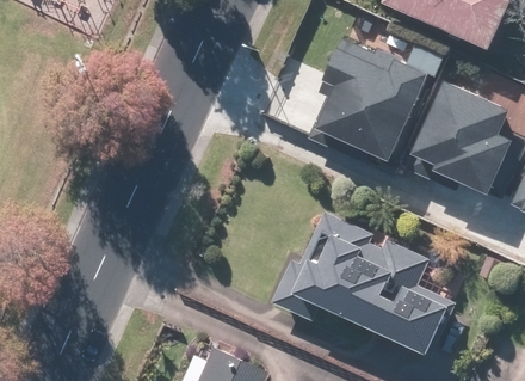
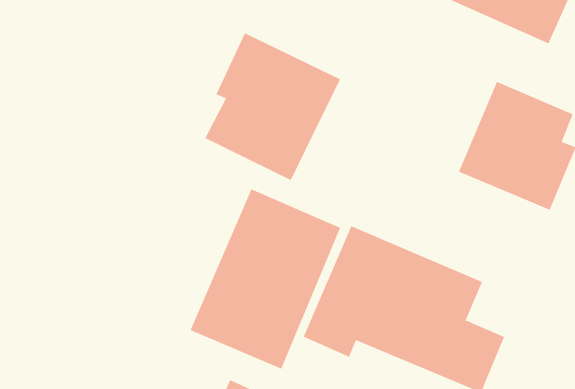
building: [310,35,428,164] -> [205,33,341,181]
building: none -> [190,189,341,369]

